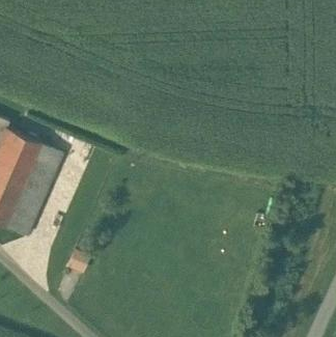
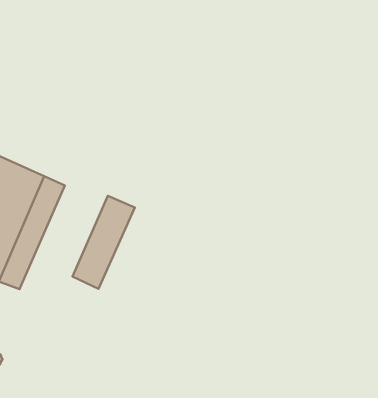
building: none -> [72,196,135,289]

